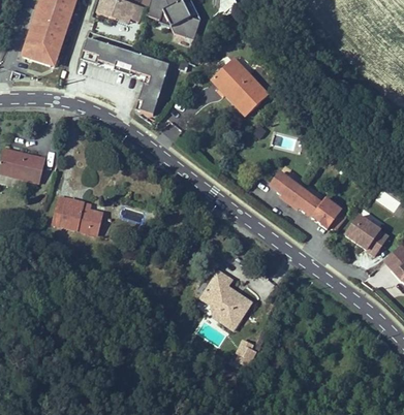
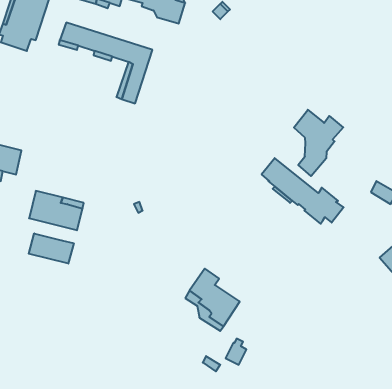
building: [211,59,267,116] -> none
building: none -> [294,110,343,176]
building: [344,217,386,257] -> none
building: none -> [29,233,74,264]

